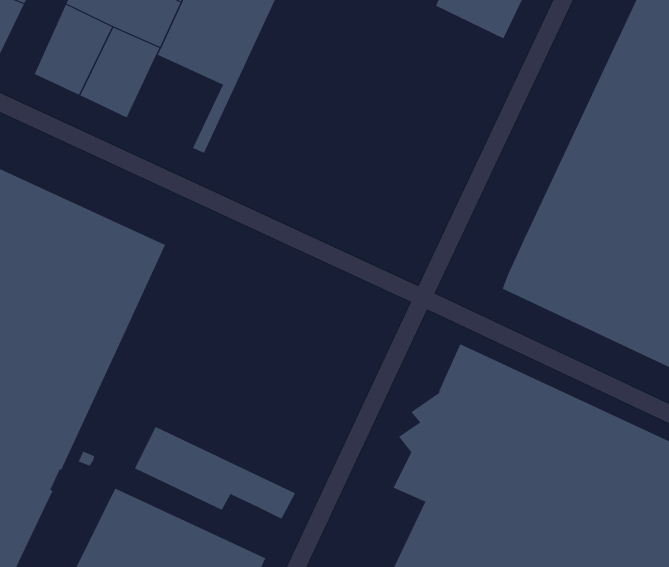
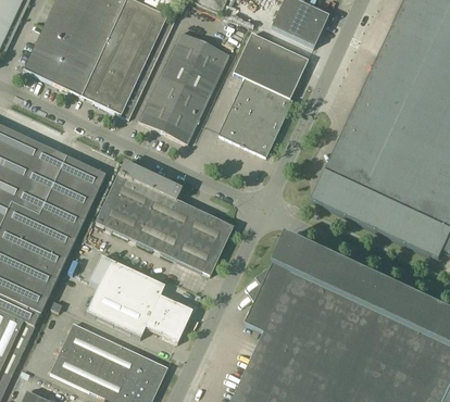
building: none -> [137,32,228,142]
building: none -> [217,32,308,155]
building: none -> [80,55,139,113]
building: none -> [96,162,232,275]
building: none -> [88,254,192,326]

